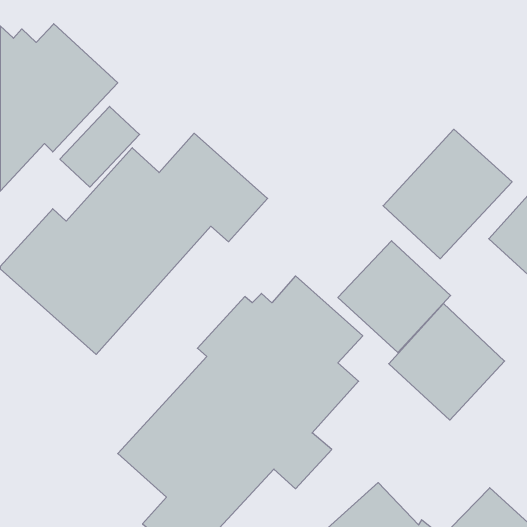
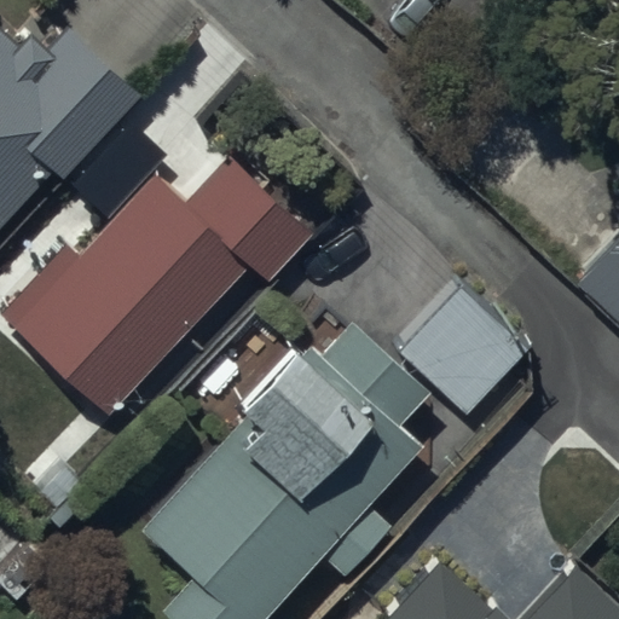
building: [383,129,512,259] -> none
building: [389,304,505,420] -> none

